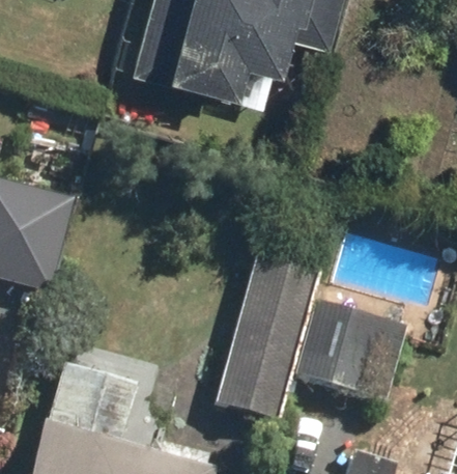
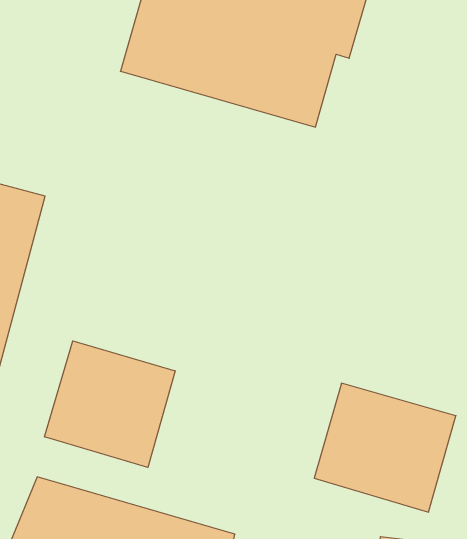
building: [212,264,313,425] -> none
building: none -> [45,341,175,467]

